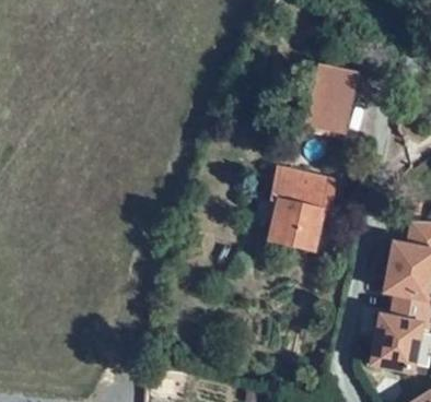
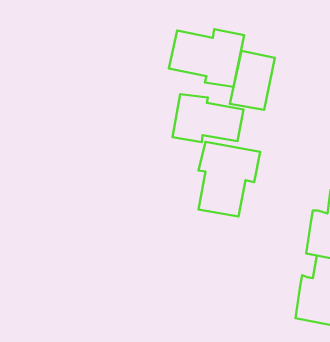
building: none -> [169,29,244,87]
building: none -> [172,94,244,142]

